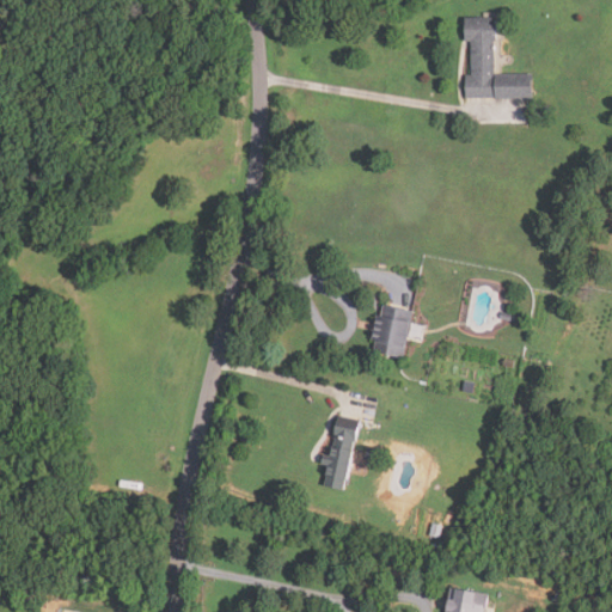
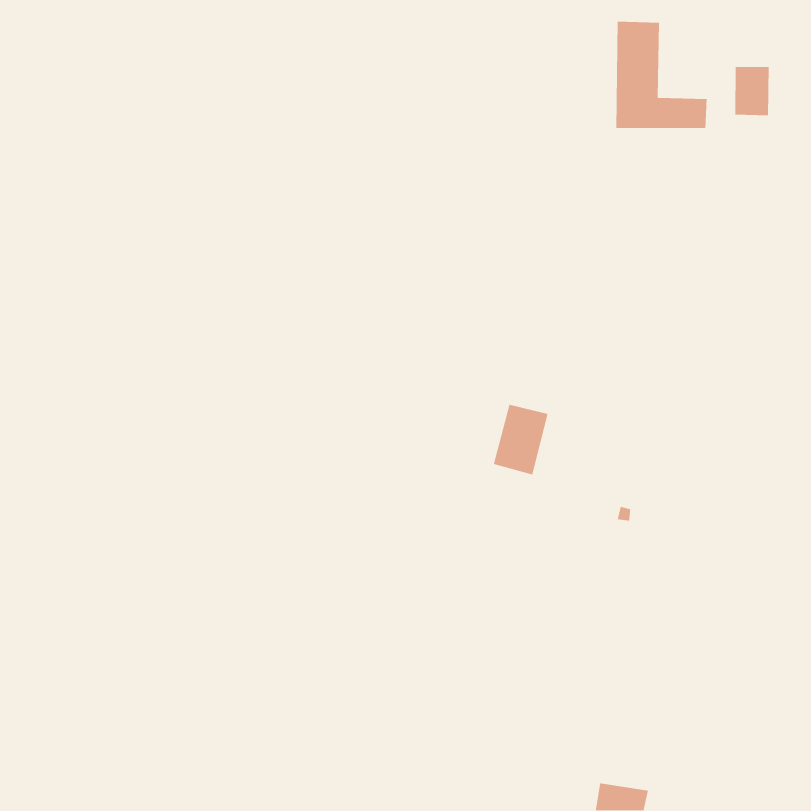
building: none -> [734,66,769,116]
building: [324,418,357,490] -> none

